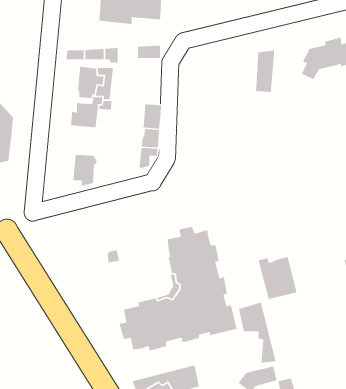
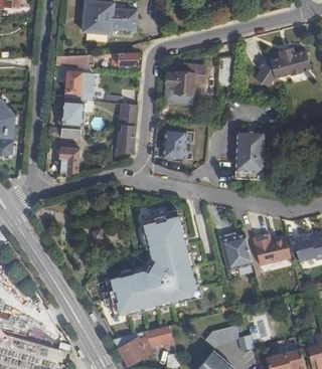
building: none -> [164,64,204,104]
building: none -> [164,128,187,157]
building: none -> [236,128,266,177]
building: none -> [254,231,292,263]
building: [238,302,277,364] -> none

